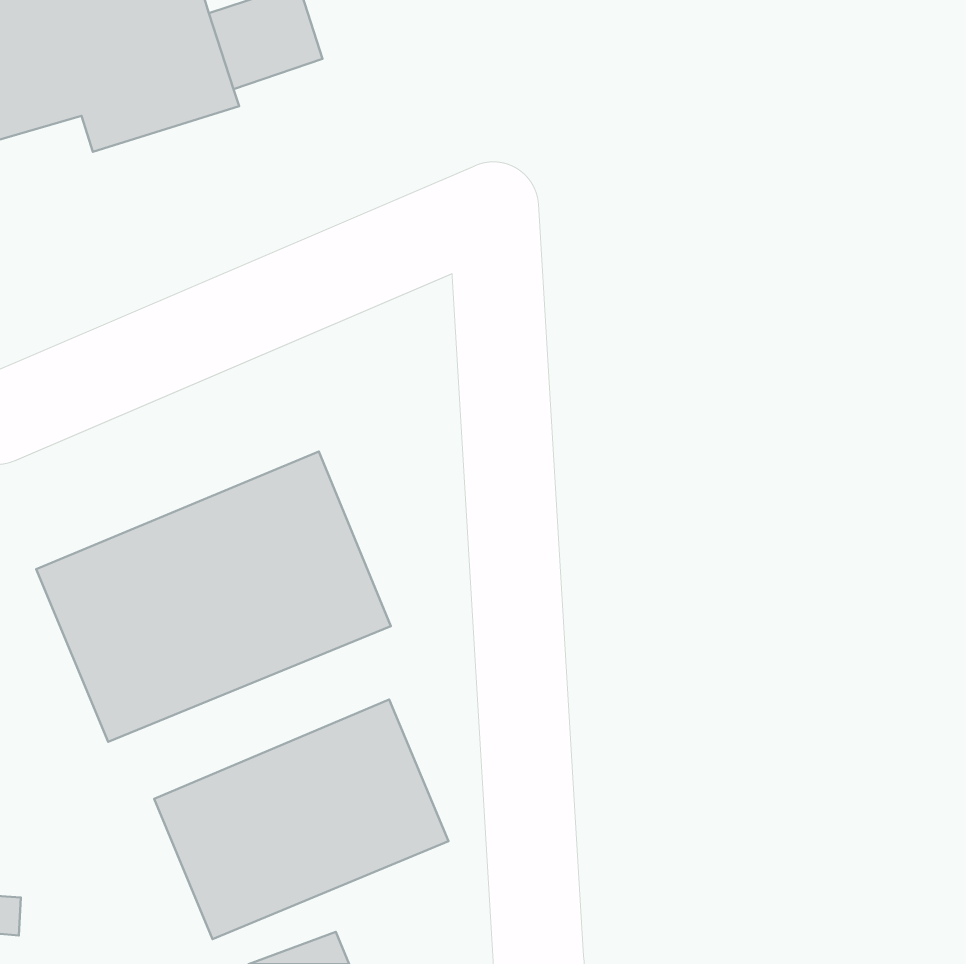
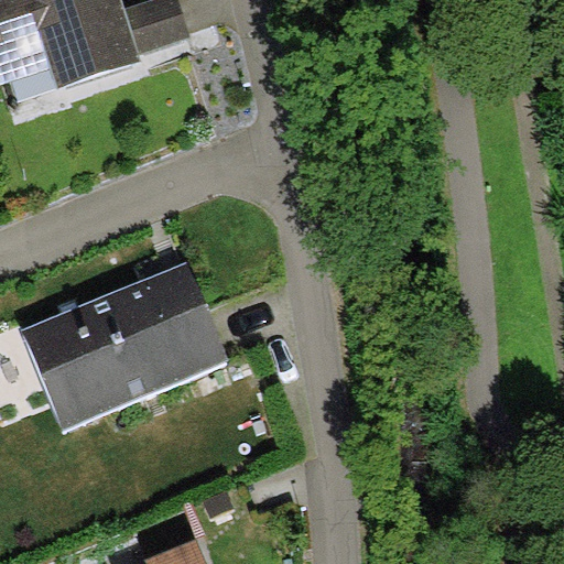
building: [154,699,449,939] -> none

